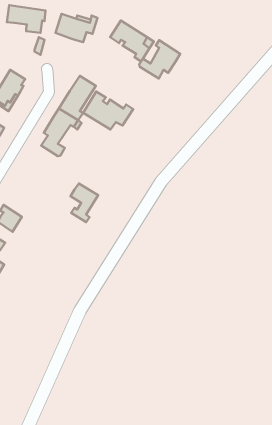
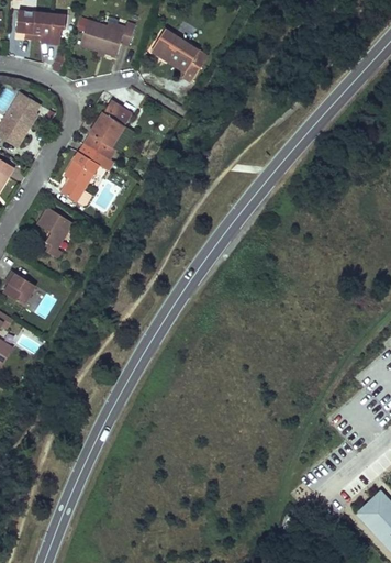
building: [139,40,180,78] -> none
building: [83,92,133,130] -> none
building: [70,183,98,222] -> [36,208,72,258]

